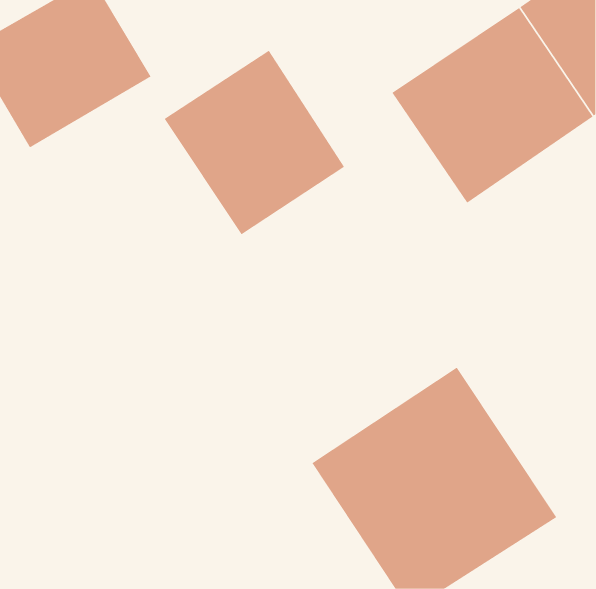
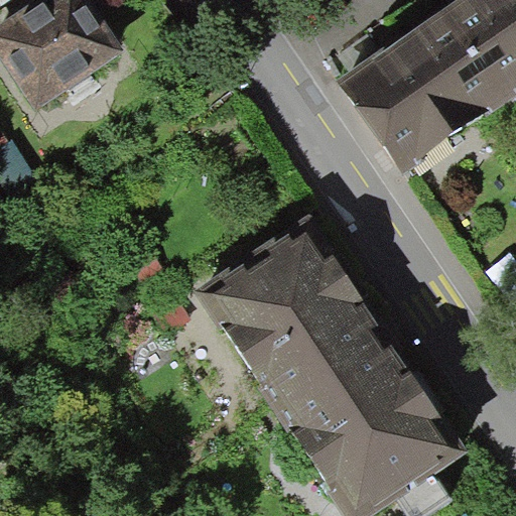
building: [164,50,345,235] -> none
building: none -> [192,202,392,397]

